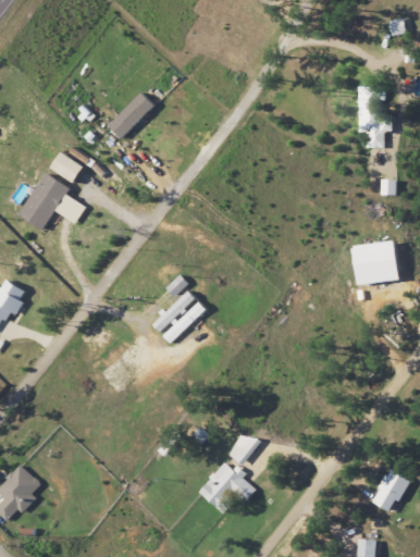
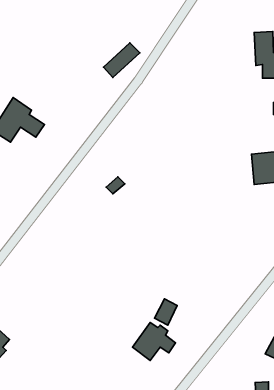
building: [108,94,155,138] -> [103,43,140,77]
building: [49,153,83,183] -> none
building: [151,290,207,344] -> none

